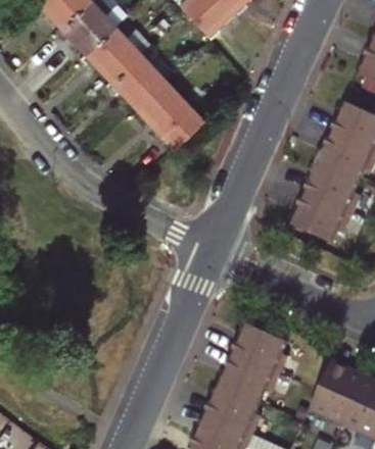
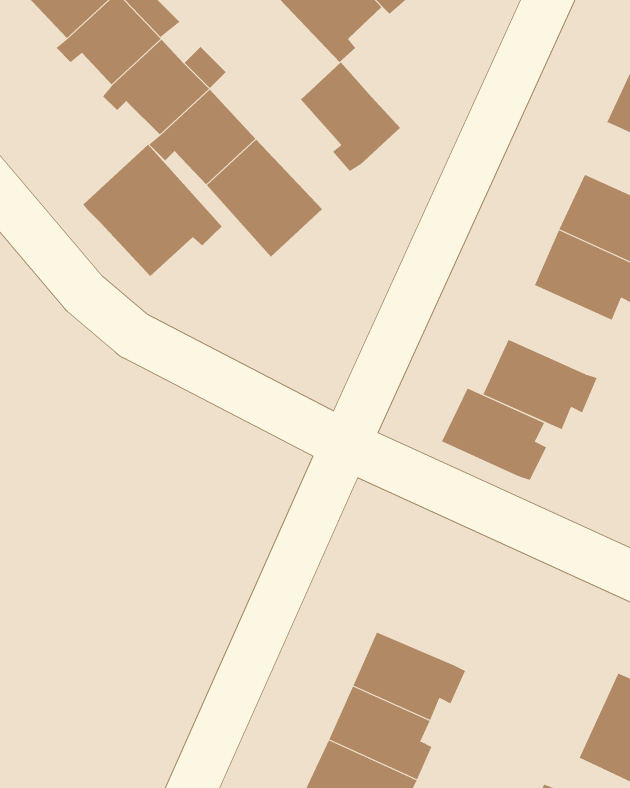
building: none -> [300,62,401,172]
building: none -> [82,144,222,277]
building: [302,162,361,213] -> [441,388,547,480]
building: [230,321,287,375] -> none
building: [309,360,363,422] -> none

